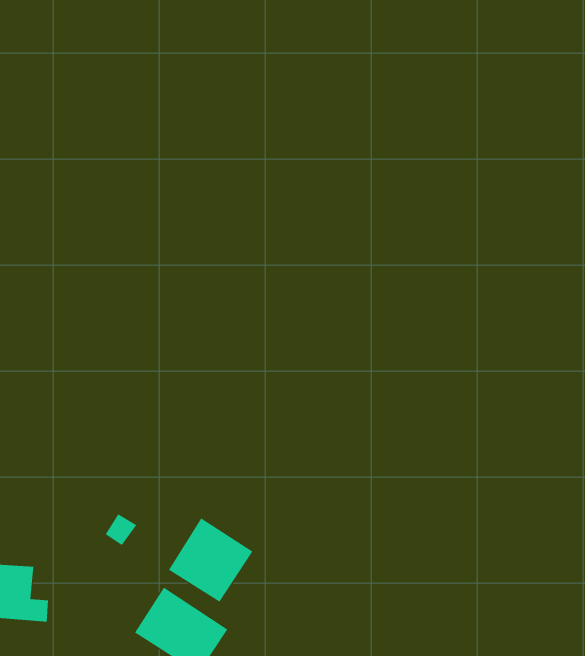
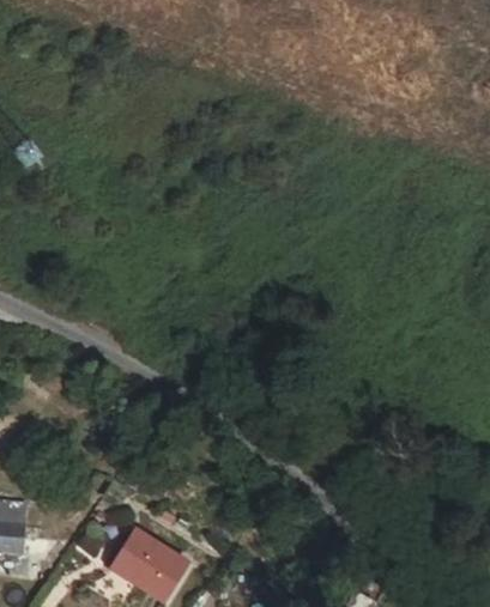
building: [168,518,253,602] -> none

